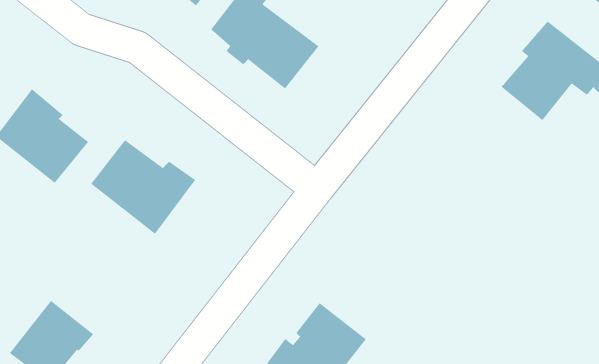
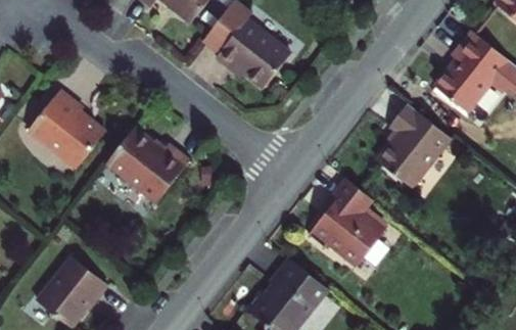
building: none -> [377,104,452,188]
building: none -> [306,180,382,268]

